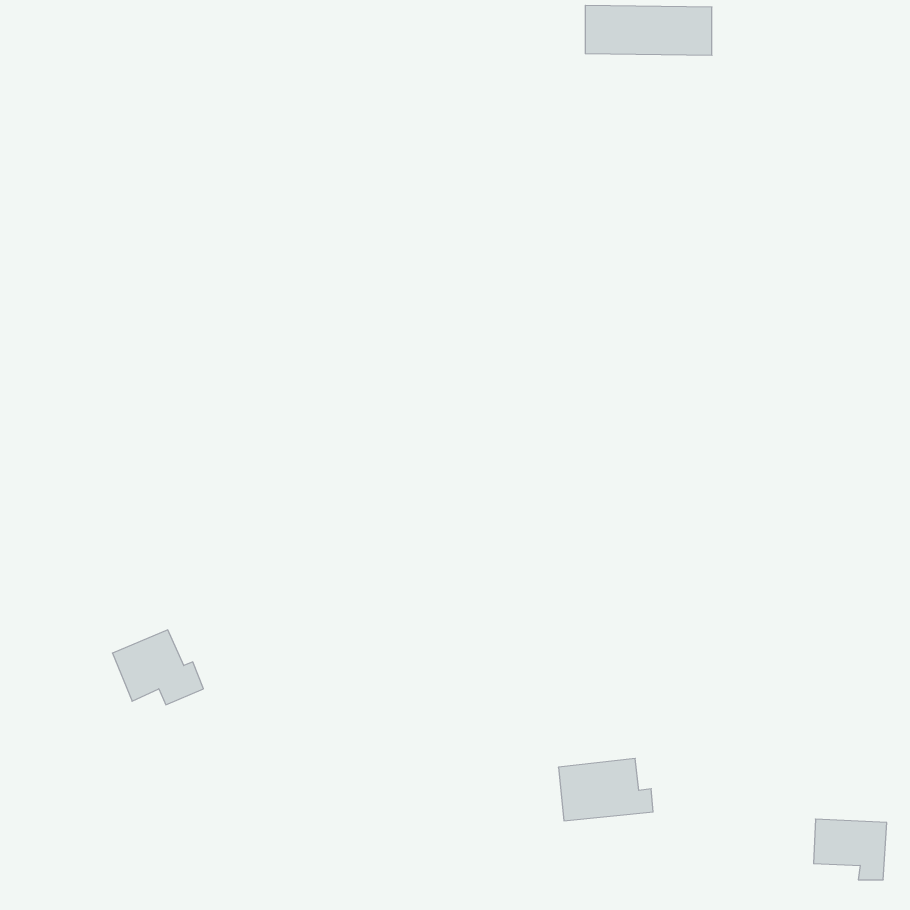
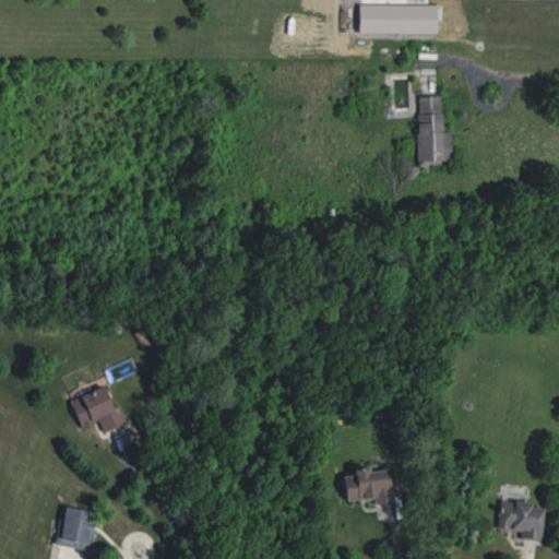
building: none -> [417,96,452,162]
building: none -> [58,507,96,550]

